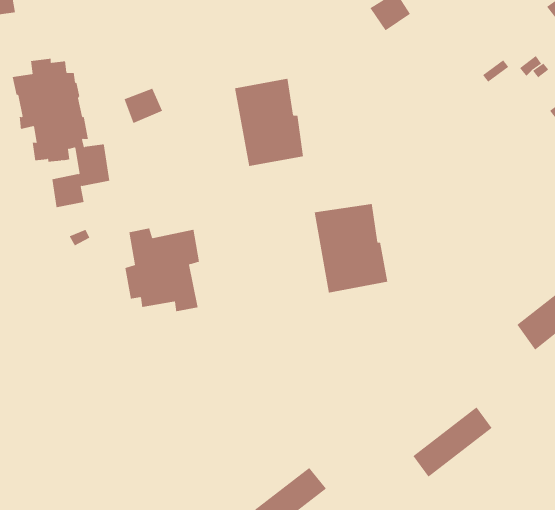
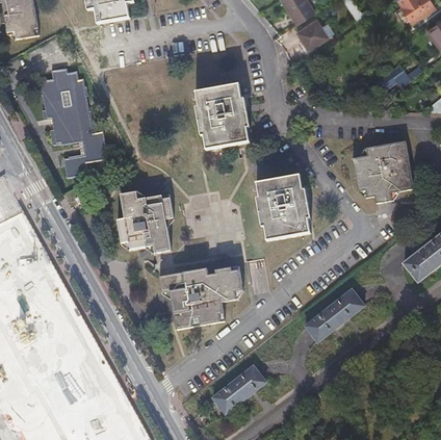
building: [124,88,163,124] -> none
building: none -> [353,140,413,208]
building: none -> [160,264,242,328]
building: [413,406,492,478] -> [305,289,363,341]

